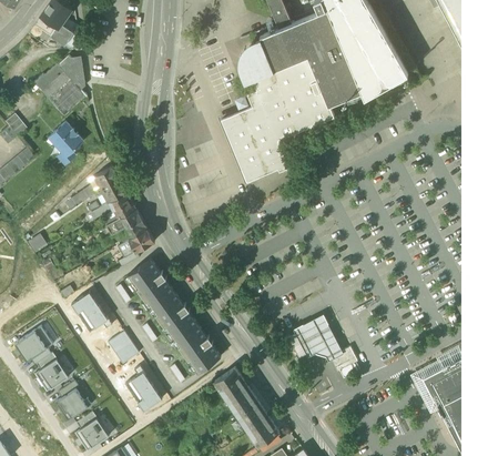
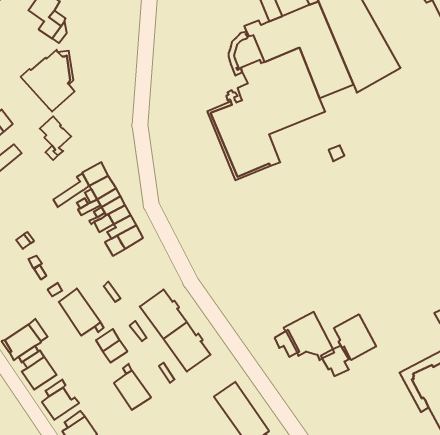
building: [245,40,275,75] -> none
building: [129,259,175,308] -> none
building: none -> [334,314,376,360]
building: [215,367,246,397] -> none

